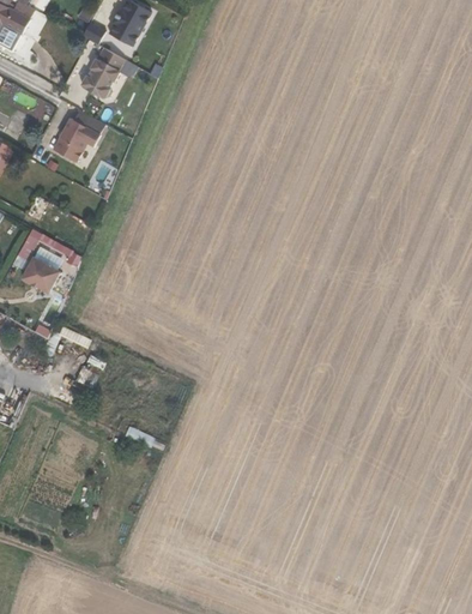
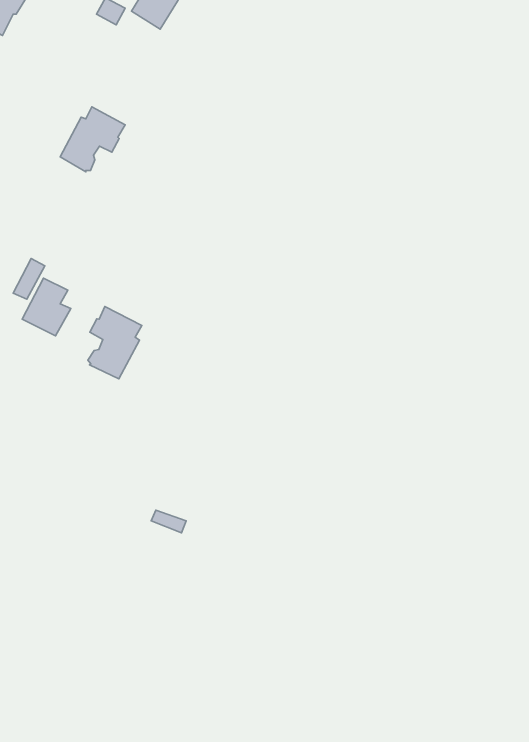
building: [80,48,123,98] -> none
building: none -> [88,306,142,379]

